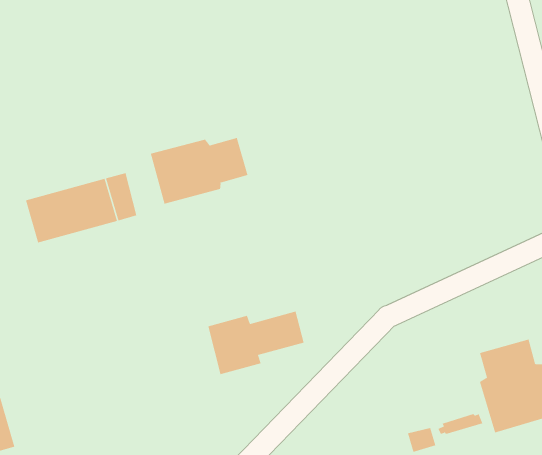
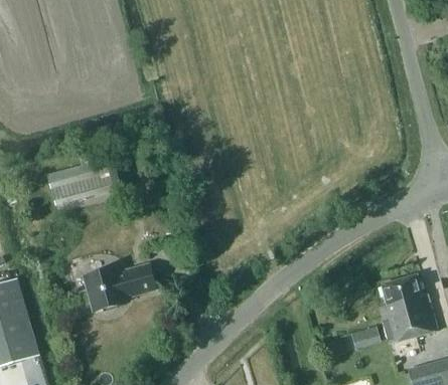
building: [150,137,248,204] -> none
building: [207,311,304,375] -> [84,265,154,312]

